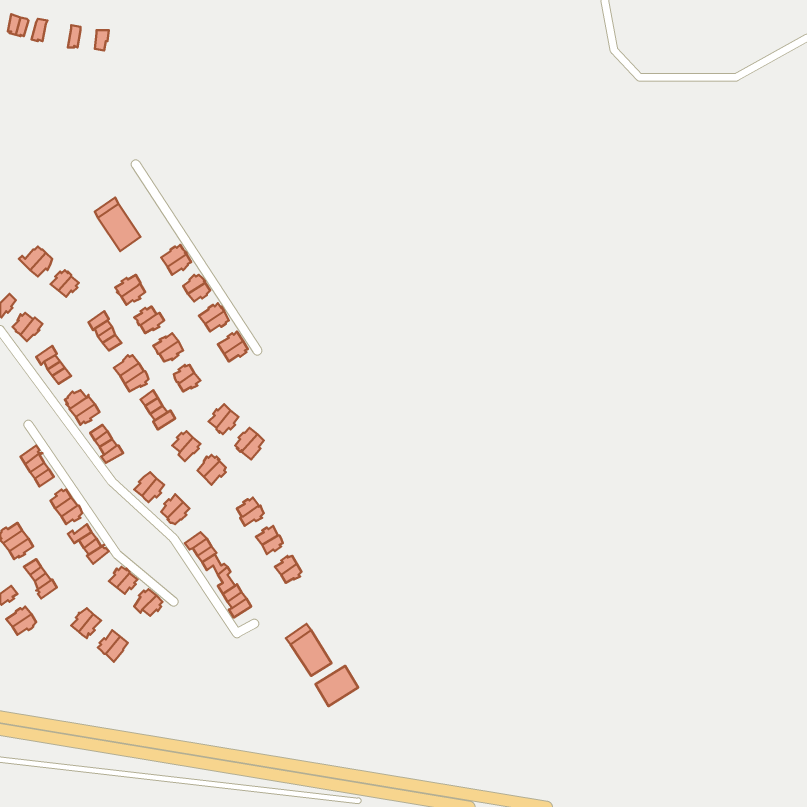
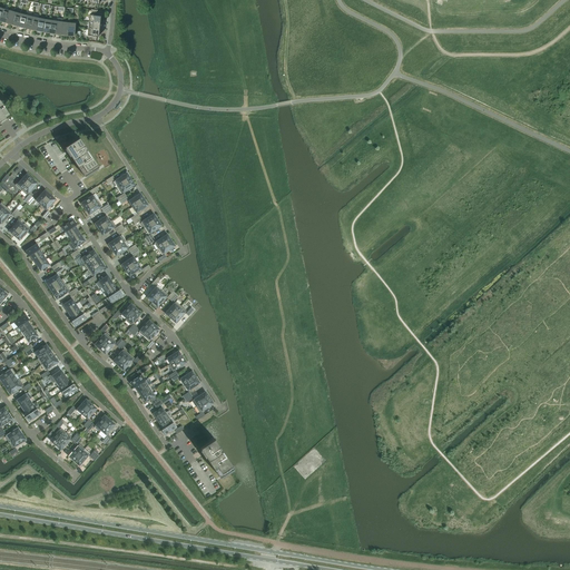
building: [315,666,358,706] -> none

